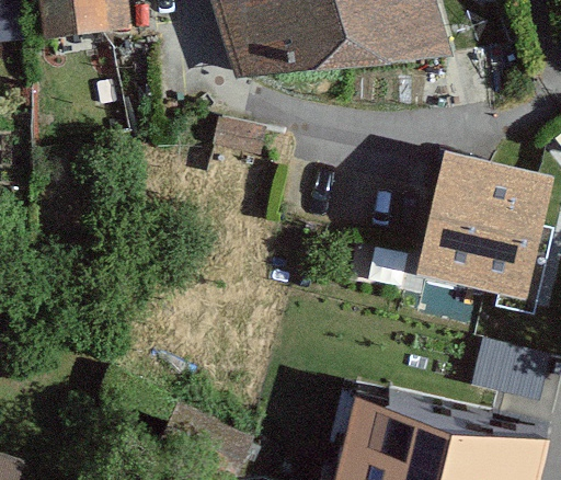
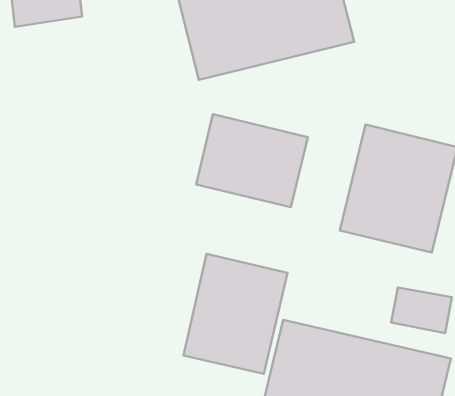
building: none -> [196,114,308,207]
building: none -> [183,254,288,374]

